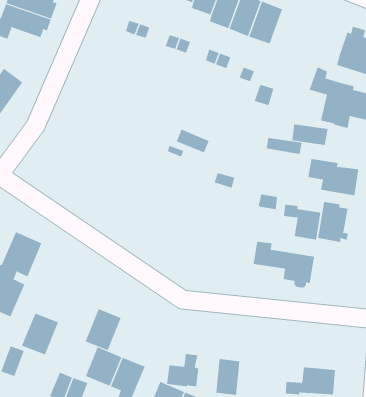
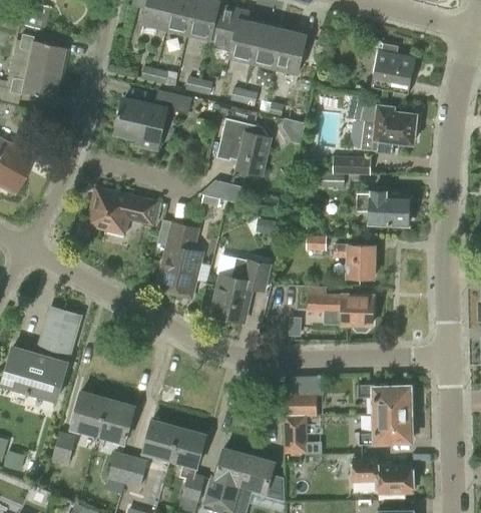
building: none -> [116,90,192,149]
building: none -> [216,119,272,177]
building: none -> [86,189,158,231]
building: none -> [160,222,201,298]
building: [317,201,348,243] -> none
building: none -> [211,256,270,323]
building: [85,309,122,351] -> [98,399,134,443]
building: none -> [358,385,410,415]
building: [166,354,199,387] -> [284,382,317,417]

